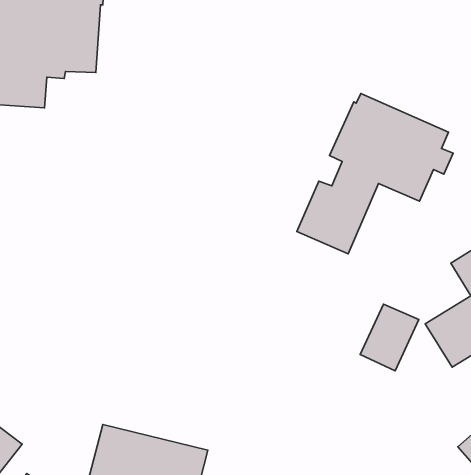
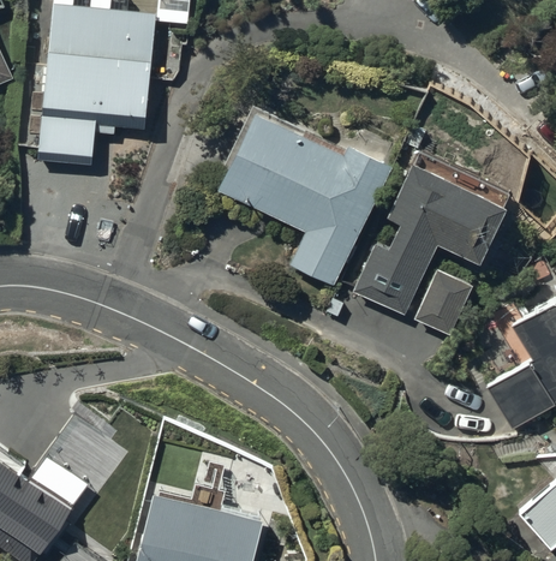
building: none -> [216,107,391,287]
building: [360,304,419,371] -> [413,269,473,338]

